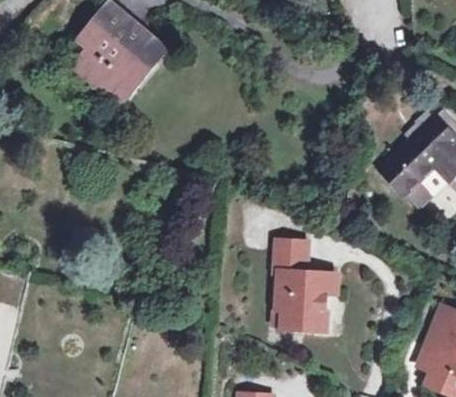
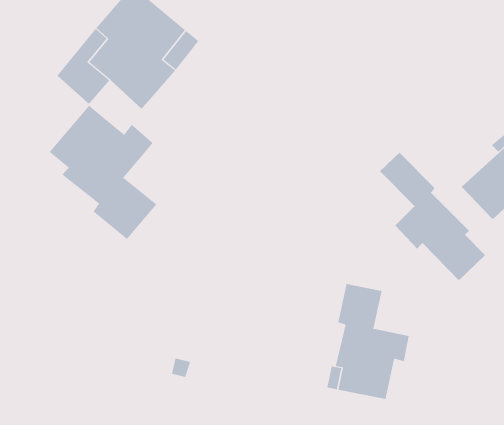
building: none -> [49,105,157,240]
building: none -> [379,152,486,281]

